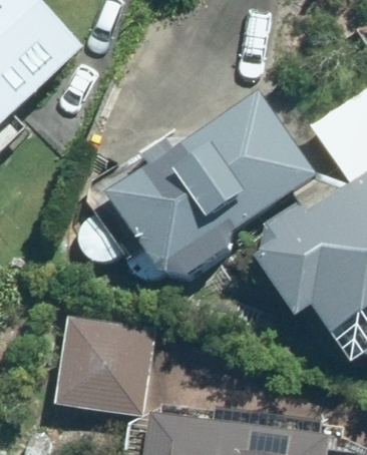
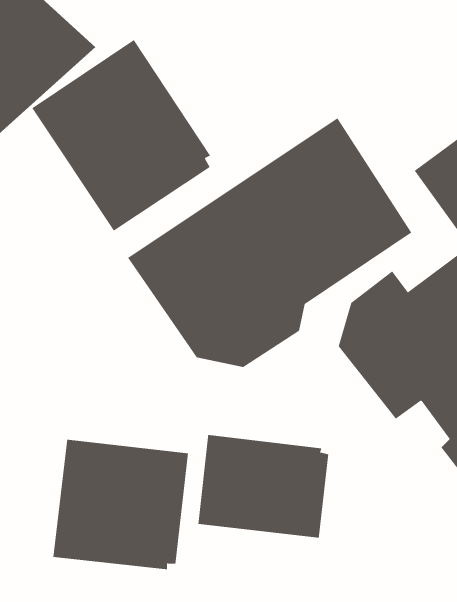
building: none -> [32,39,211,232]
building: none -> [198,434,329,539]

